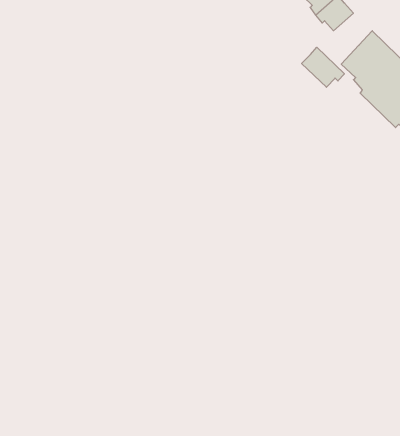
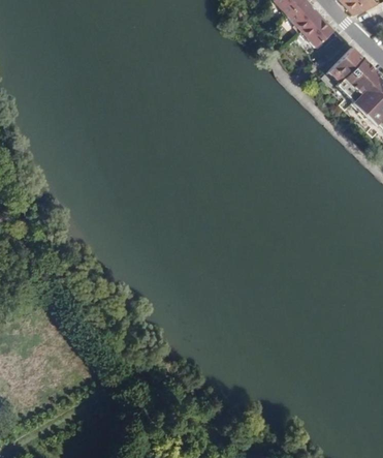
building: [302,47,344,87] -> none

